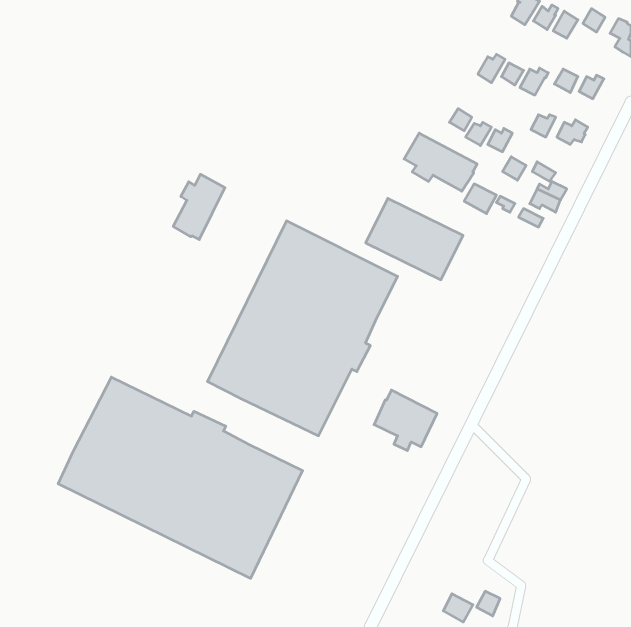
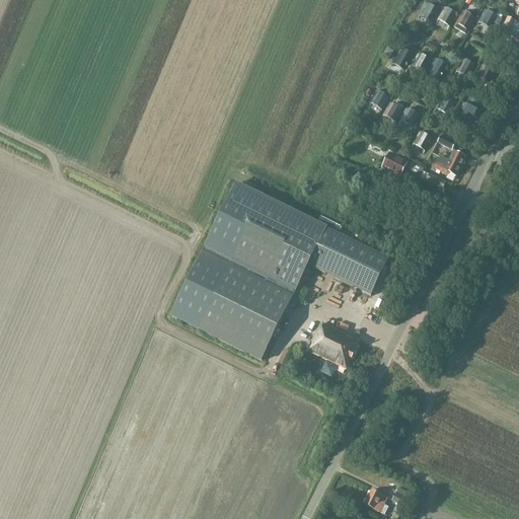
building: [404,133,477,191] -> none
building: [173,174,225,240] -> none
building: [366,198,463,280] -> [308,227,388,294]
building: [58,377,303,578] -> none

